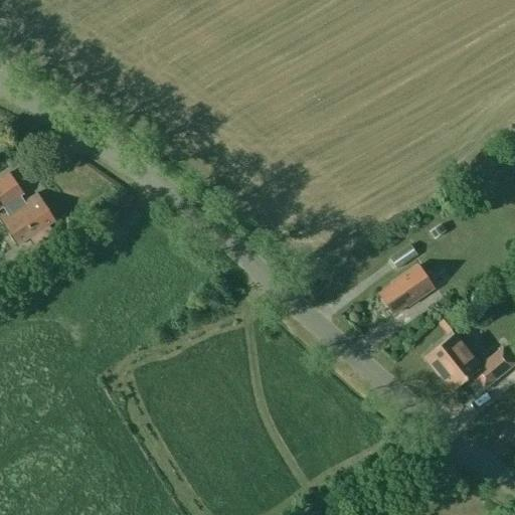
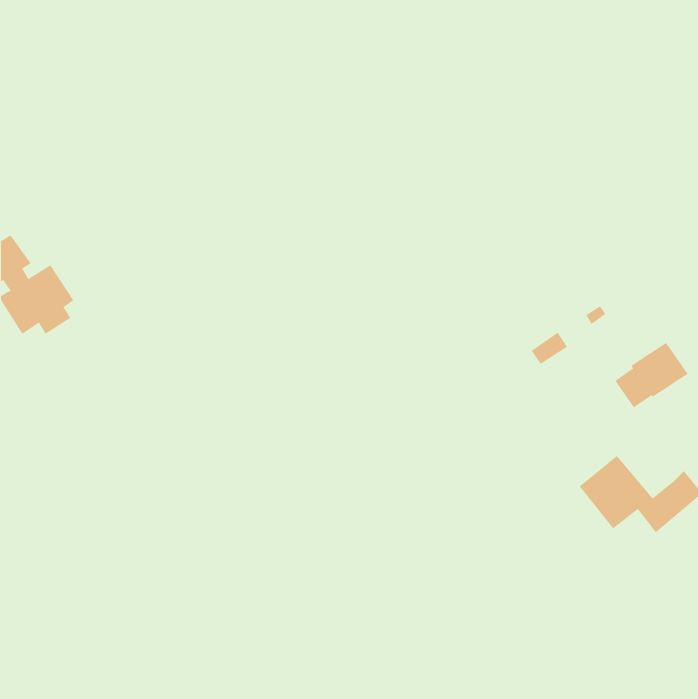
building: [380,265,435,313] -> [614,342,688,408]

